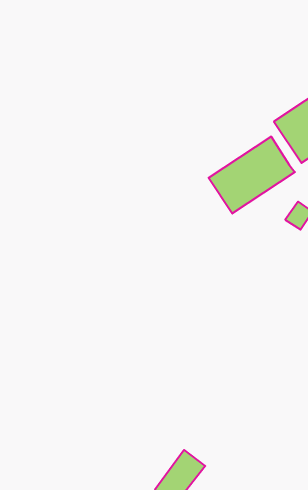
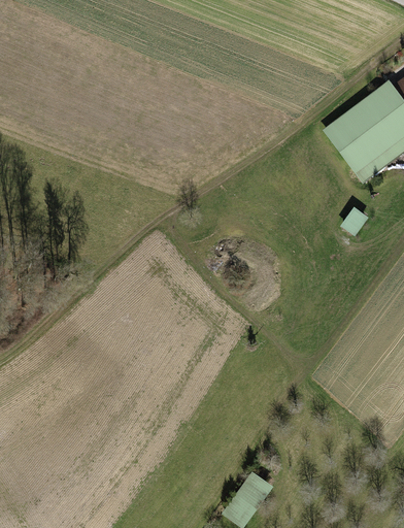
building: [209,136,295,214] -> none

